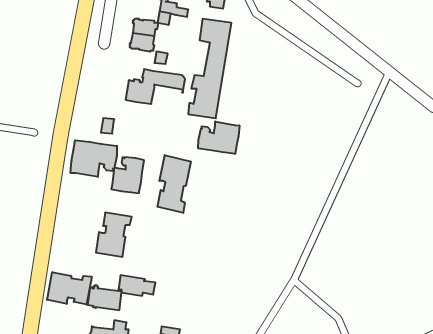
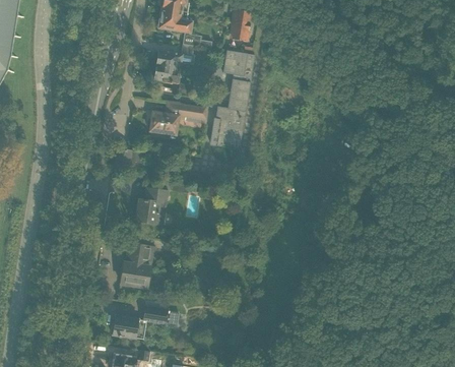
building: [198,121,239,154] -> none
building: [71,140,117,177] -> none
building: [157,155,191,213] -> none
building: [47,272,92,305] -> none

